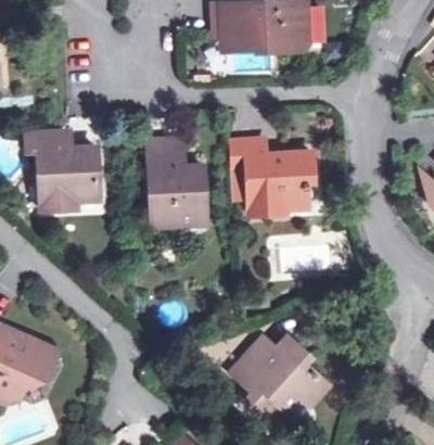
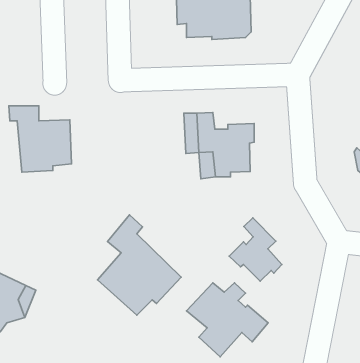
building: [148,141,204,228] -> none
building: none -> [98,215,181,315]
building: none -> [229,218,282,281]

